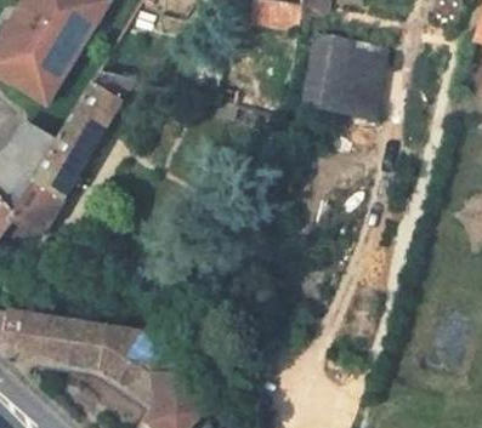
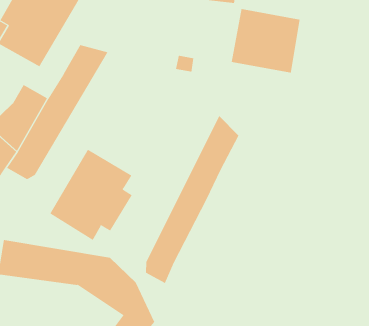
building: none -> [145,115,239,284]
building: none -> [49,149,132,241]

